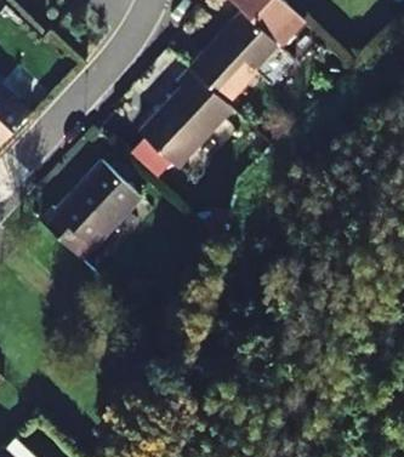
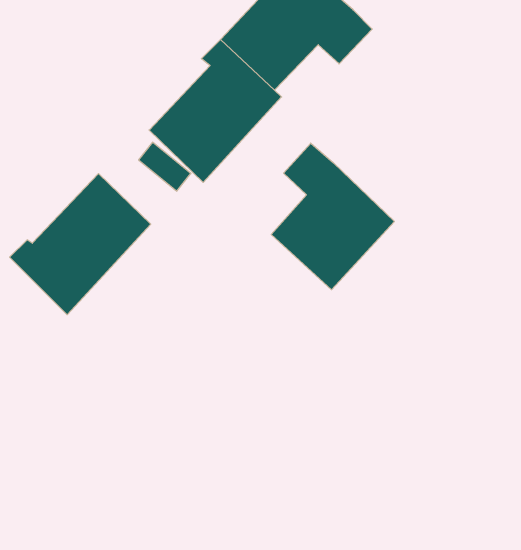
building: none -> [271,143,394,290]

